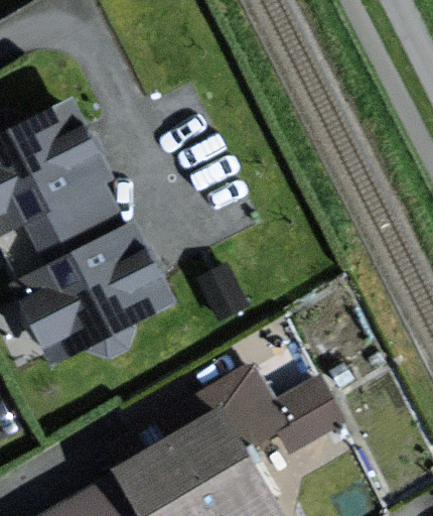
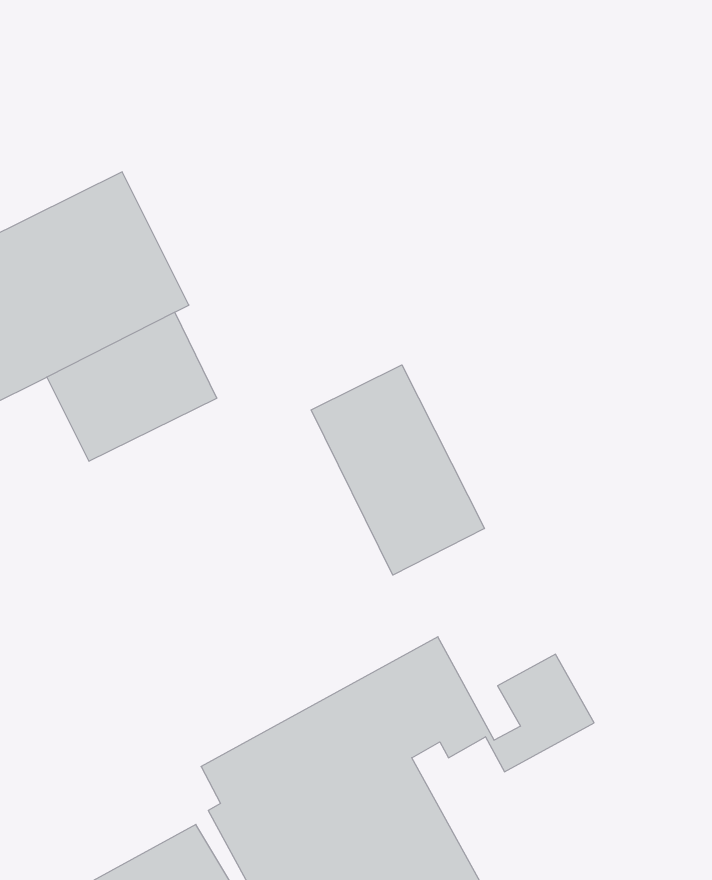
building: none -> [311,365,484,575]
building: [18,231,171,363] -> none

